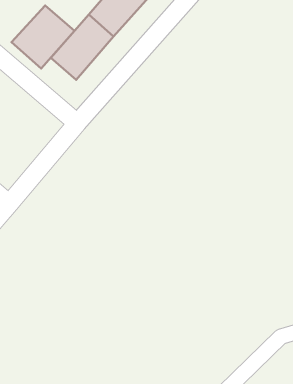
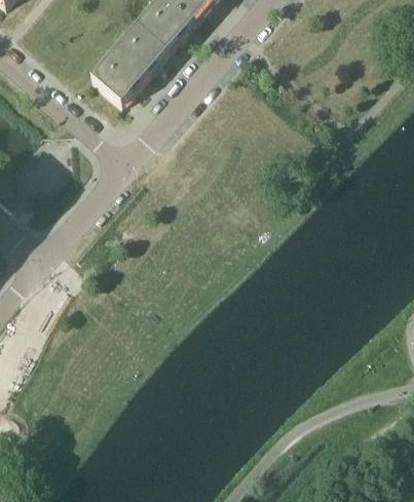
building: [12,5,74,69] -> none

